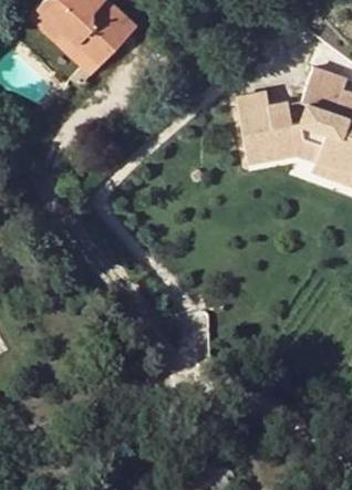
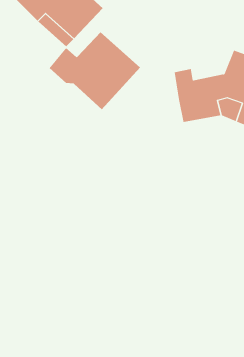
building: none -> [49,31,141,110]

